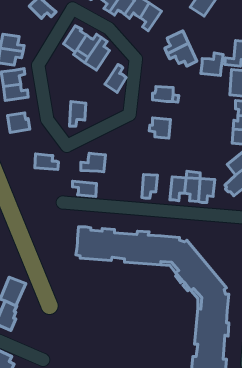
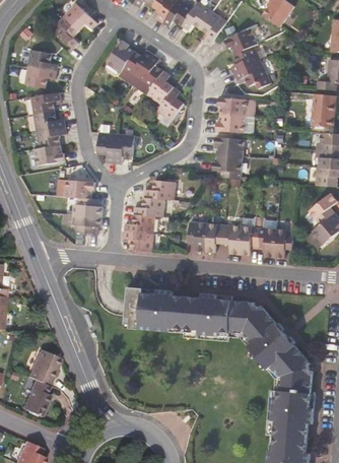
building: none -> [52,14,80,48]
building: none -> [226,28,257,54]
building: none -> [148,69,175,104]
building: [201,53,223,75] -> none
building: none -> [219,96,245,115]
building: none -> [98,123,117,162]
building: none -> [36,127,65,149]
building: none -> [215,136,241,154]
building: none -> [67,178,94,199]
building: none -> [145,179,176,199]
building: none -> [70,214,100,233]
building: none -> [119,217,150,234]
building: none -> [188,221,206,251]
building: none -> [221,223,242,254]

